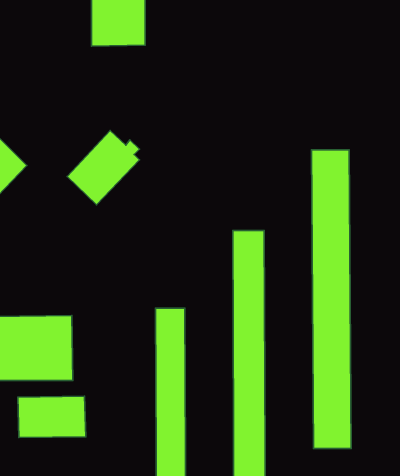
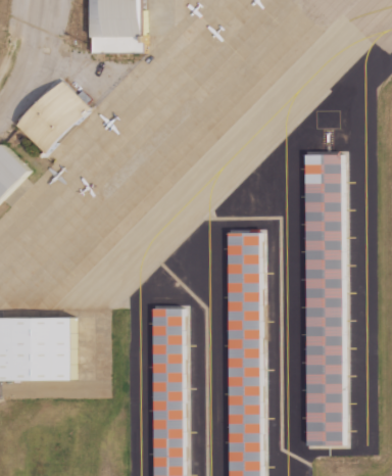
building: [67,130,139,205] -> [16,81,87,153]
building: [18,396,86,438] -> none

